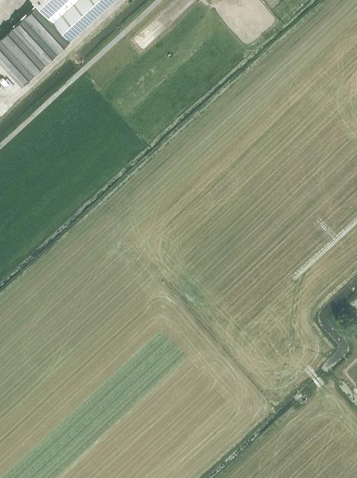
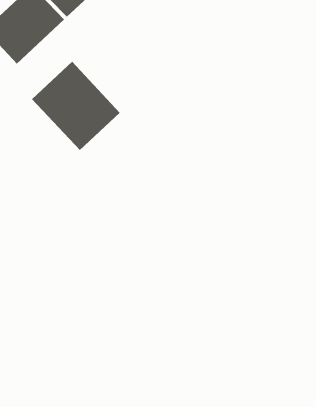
building: none -> [31,61,121,151]

